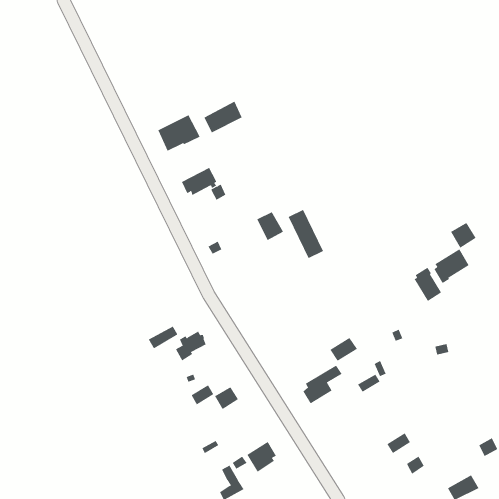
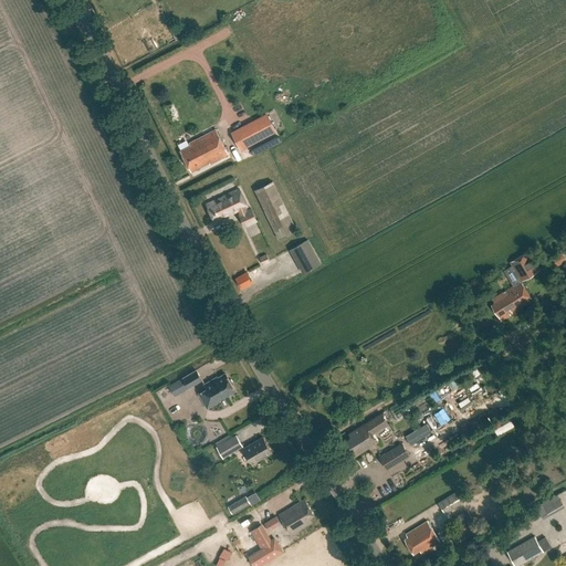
building: [288,209,324,259] -> [254,182,295,239]
building: [414,267,442,302] -> none
building: [329,337,358,361] -> [376,442,408,470]
building: none -> [402,521,439,555]

